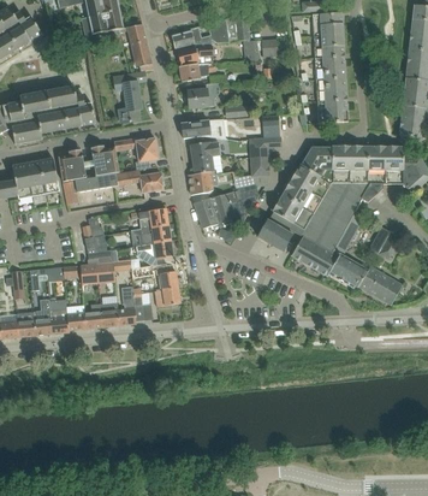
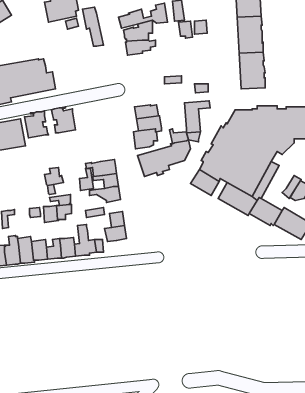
building: [112,70,145,122] -> none
building: [188,82,220,107] -> none
building: [182,118,224,137] -> none
building: [114,137,159,161] -> none
building: [63,167,164,203] -> none

